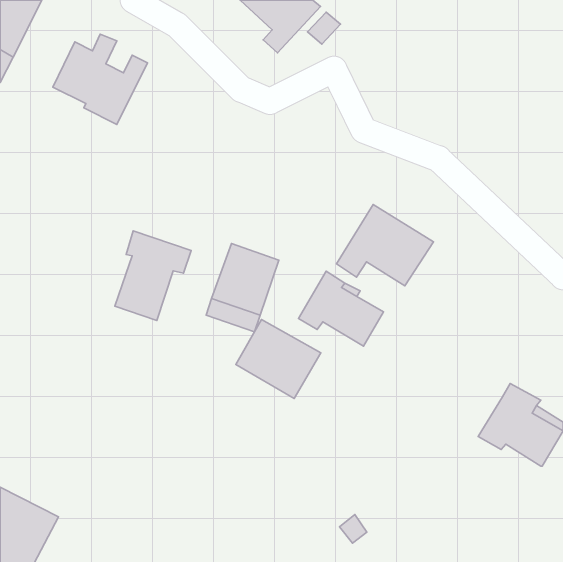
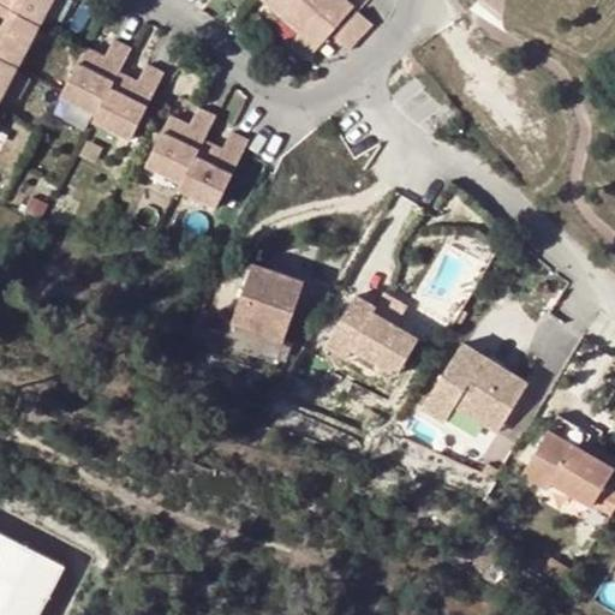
building: none -> [143,105,246,204]
building: [337,204,434,286] -> [422,346,527,435]
building: [115,231,191,321] -> none
building: [236,320,321,398] -> none

